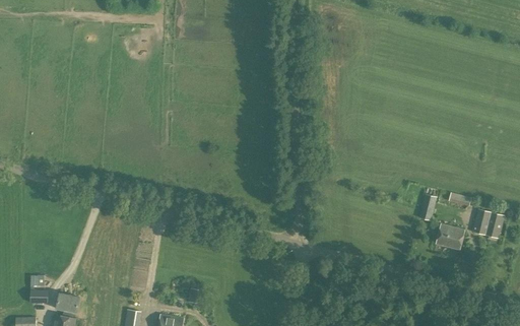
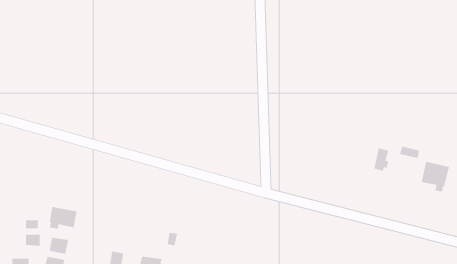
building: [435,223,463,250] -> none
building: none -> [49,206,77,229]

